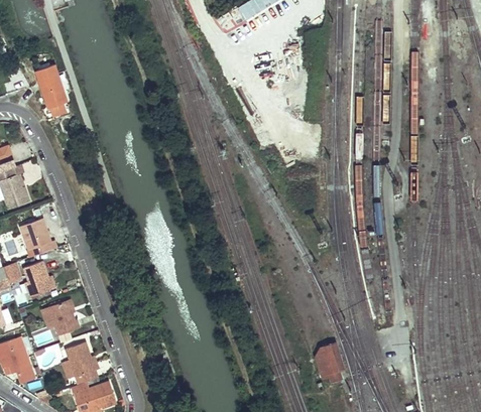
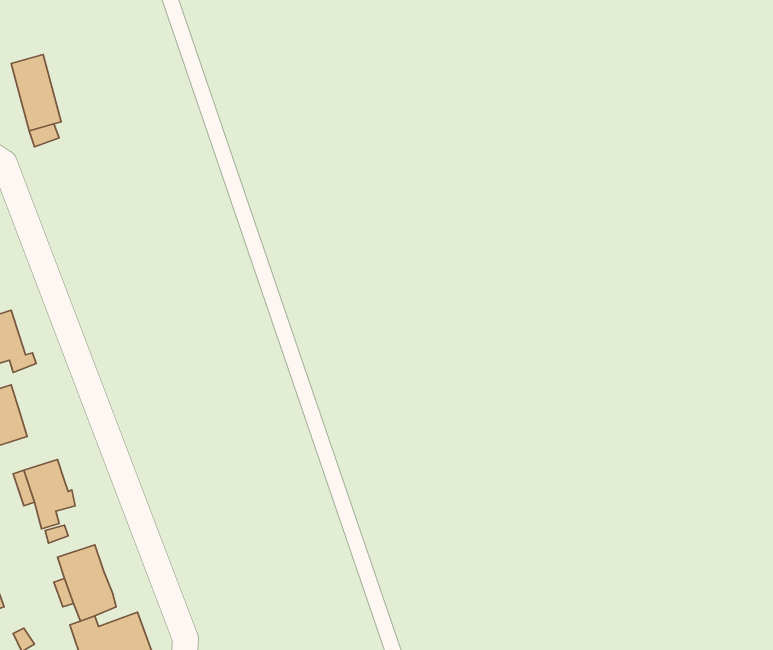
building: [317,347,342,384] -> none

